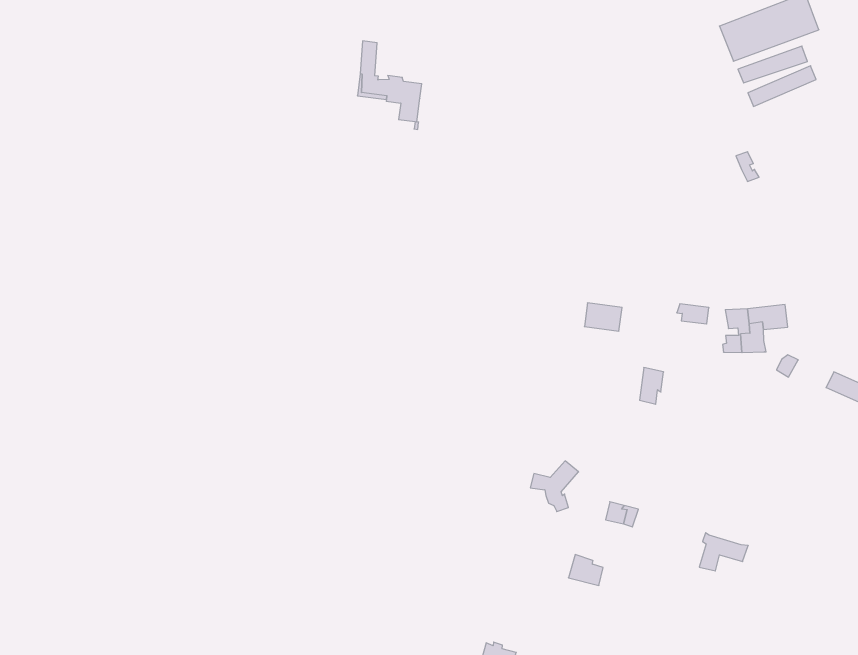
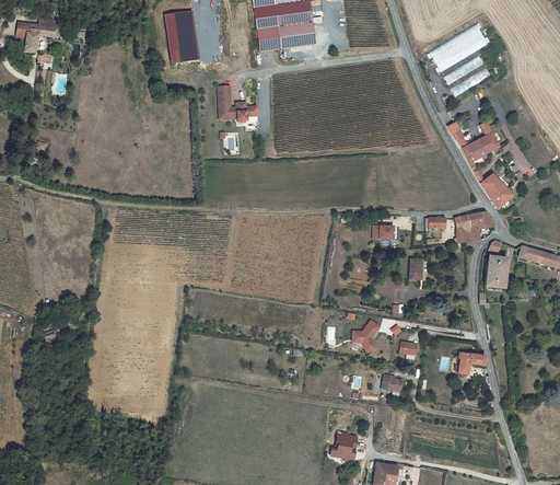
building: none -> [463,122,500,172]
building: none -> [478,174,513,209]
building: none -> [485,255,508,288]

